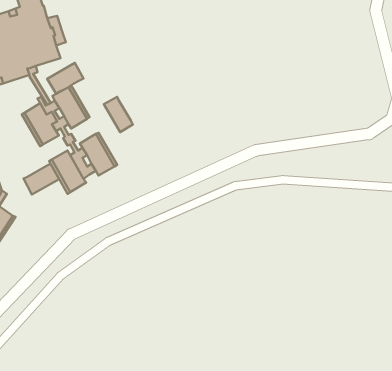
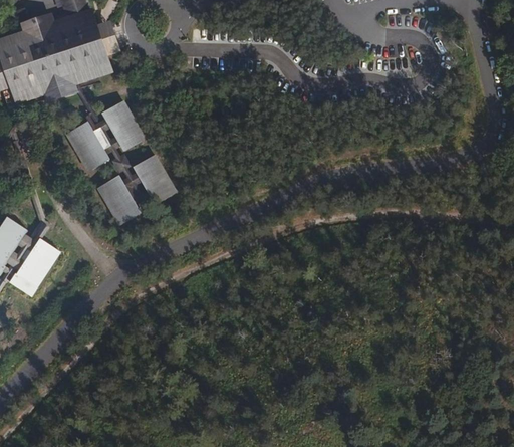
building: [47,63,83,94] -> none
building: [104,97,133,132] -> none
building: [23,164,59,195] -> none

